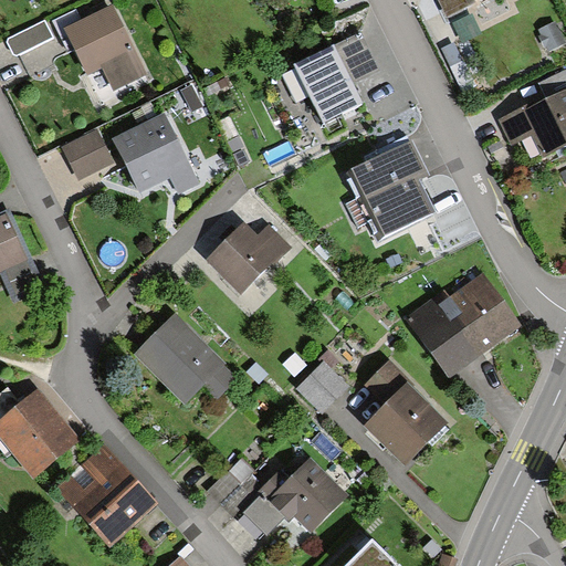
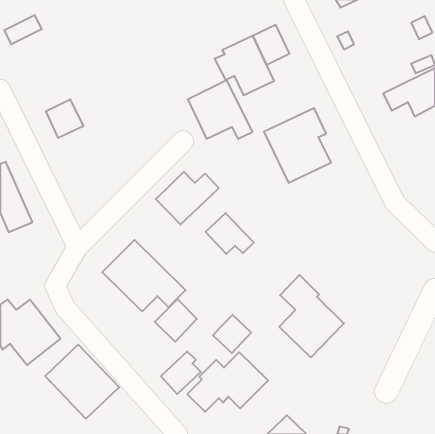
building: [63,6,140,90] -> none
building: [114,114,198,190] -> [188,80,252,139]
building: [411,271,521,375] -> none
building: none -> [206,213,254,254]
building: [298,361,348,411] -> [213,315,251,353]
building: none -> [155,299,197,342]

